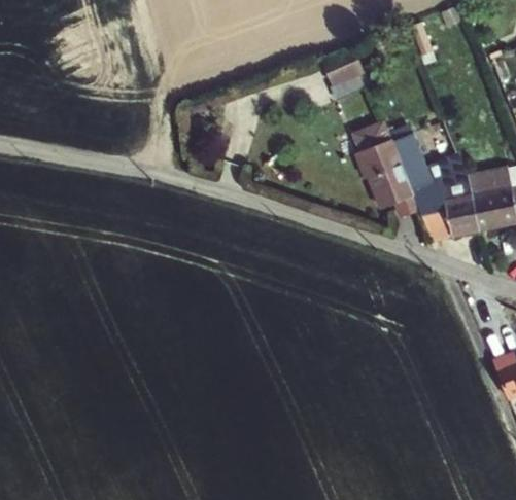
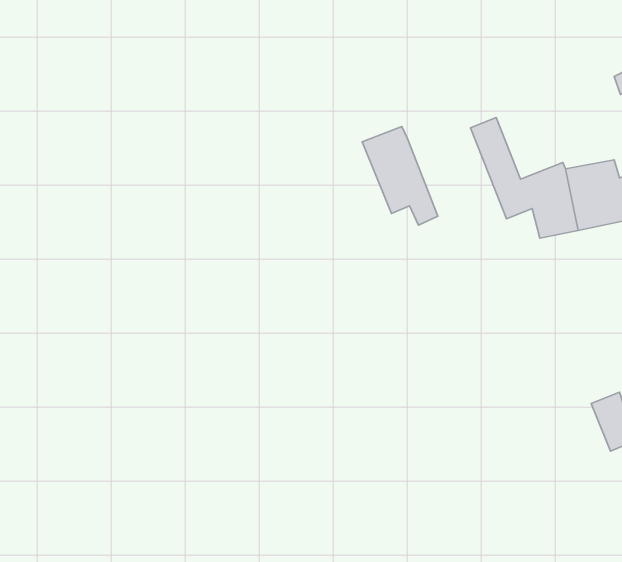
building: [328,63,367,98] -> none
building: [356,136,417,215] -> [362,126,438,225]

